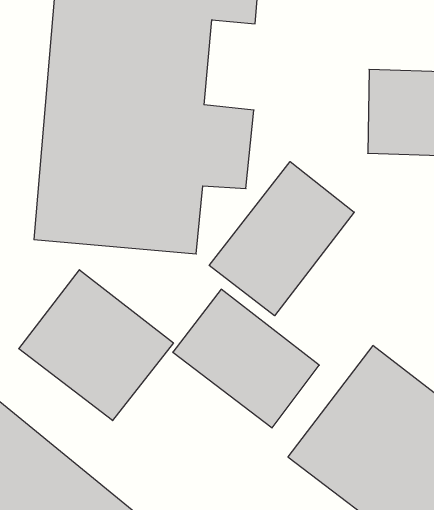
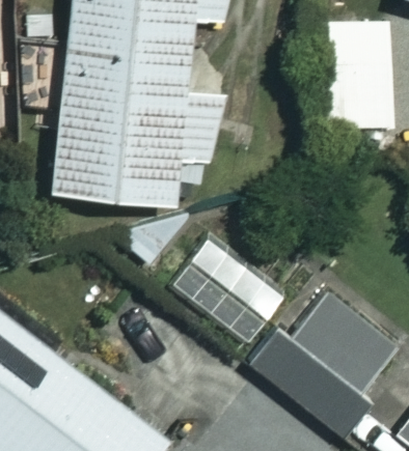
building: [209,162,354,316] -> none
building: [19,270,173,421] -> none

